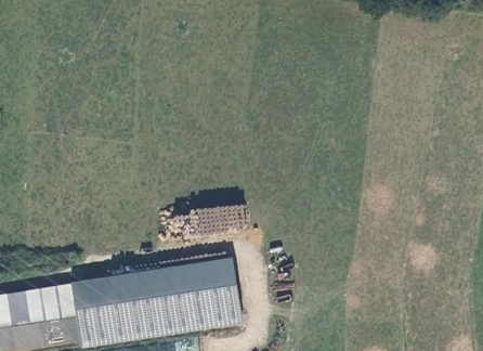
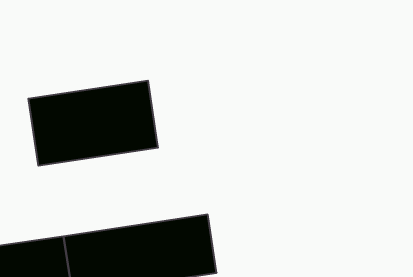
building: none -> [28,81,158,166]

